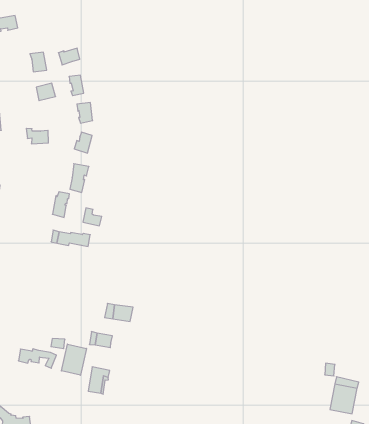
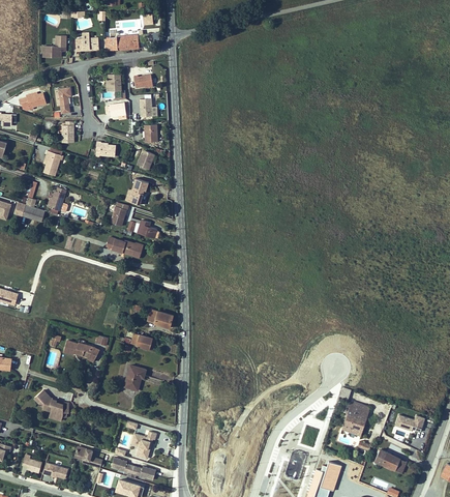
building: none -> [110,32,139,51]
building: [61,344,86,375] -> none

